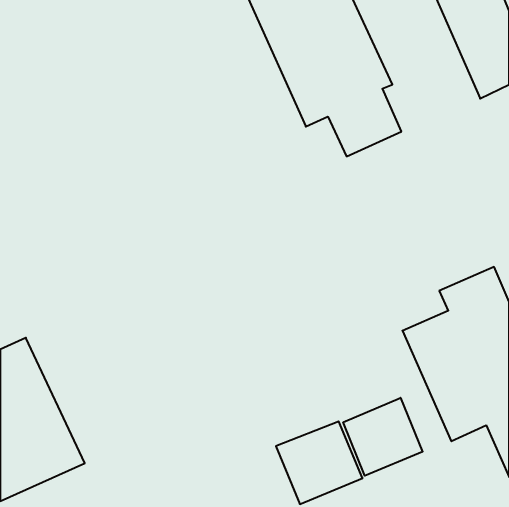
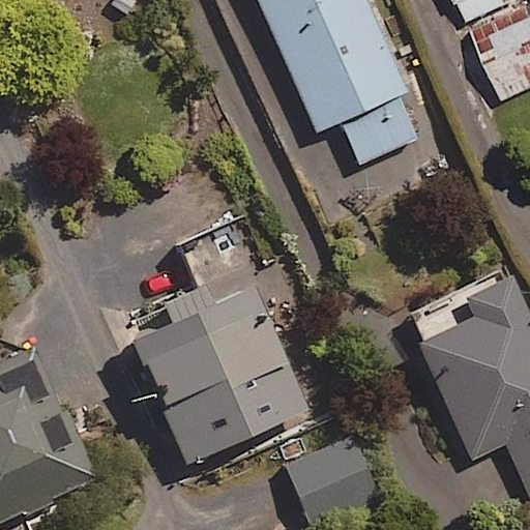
building: none -> [120,263,307,466]
building: [343,398,423,476] -> none

